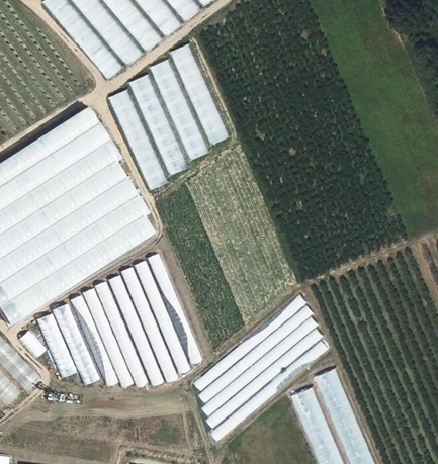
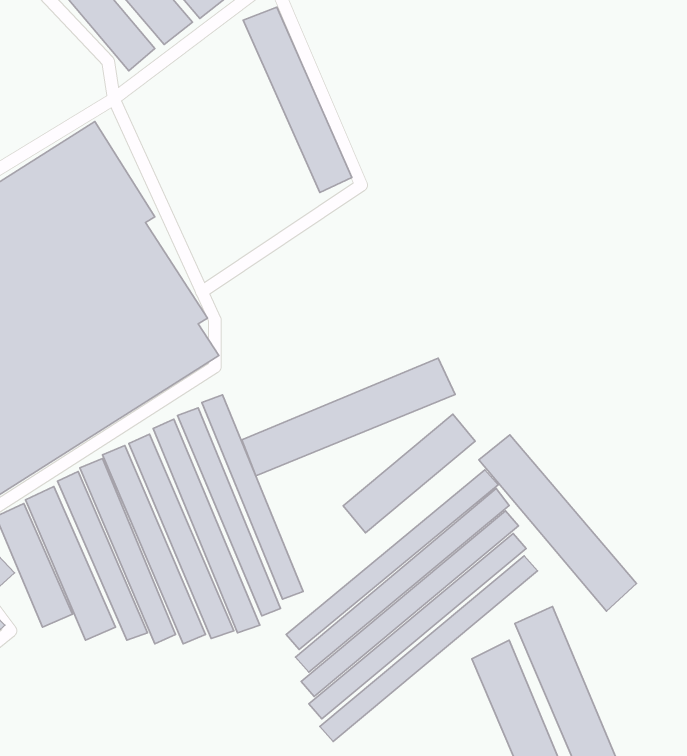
building: [149,60,207,160] -> none
building: [128,76,187,176] -> none
building: [107,90,166,190] -> none
building: none -> [242,358,455,476]
building: none -> [343,414,475,533]
building: none -> [479,435,636,611]

